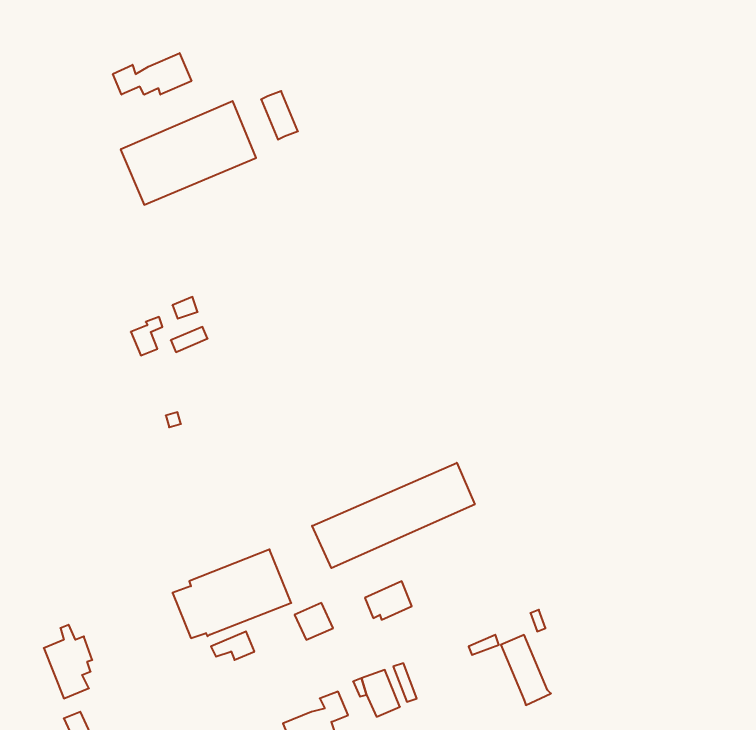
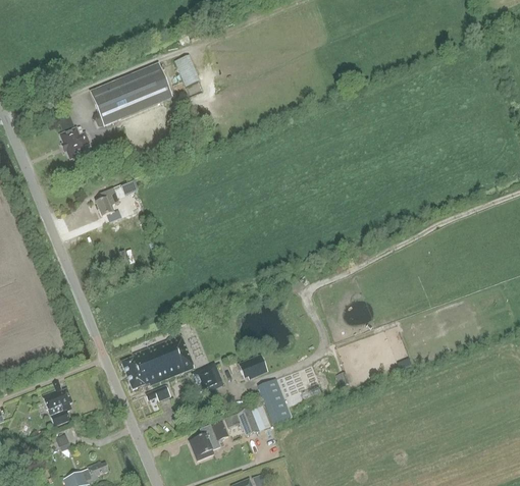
building: [113,53,191,95] -> none
building: none -> [60,128,88,159]
building: [312,463,475,568] -> none
building: [501,635,551,705] -> [258,381,289,424]

